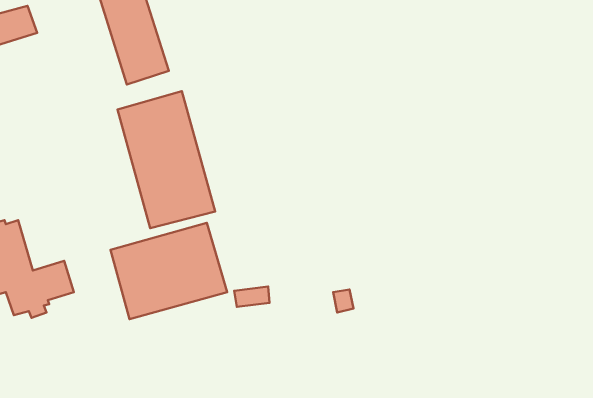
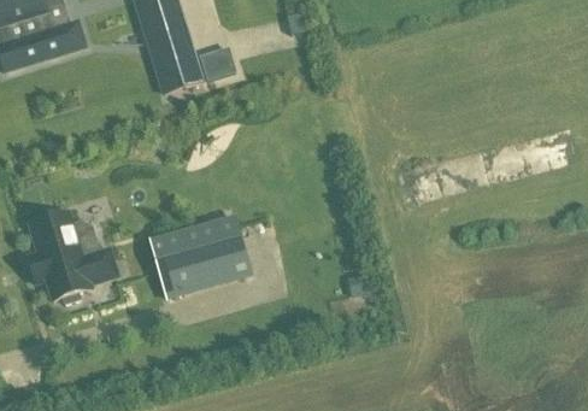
building: none -> [200,47,235,80]
building: [117,91,215,228] -> none

